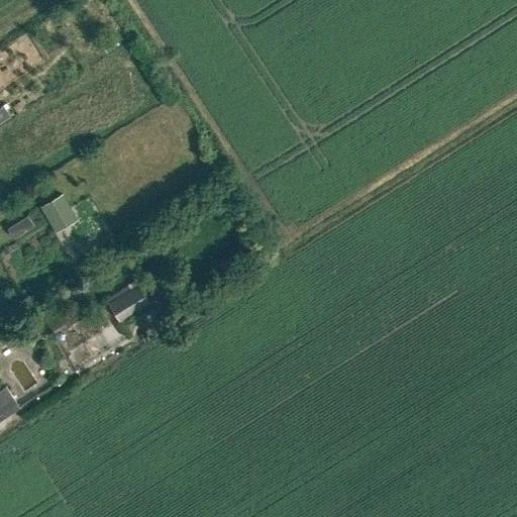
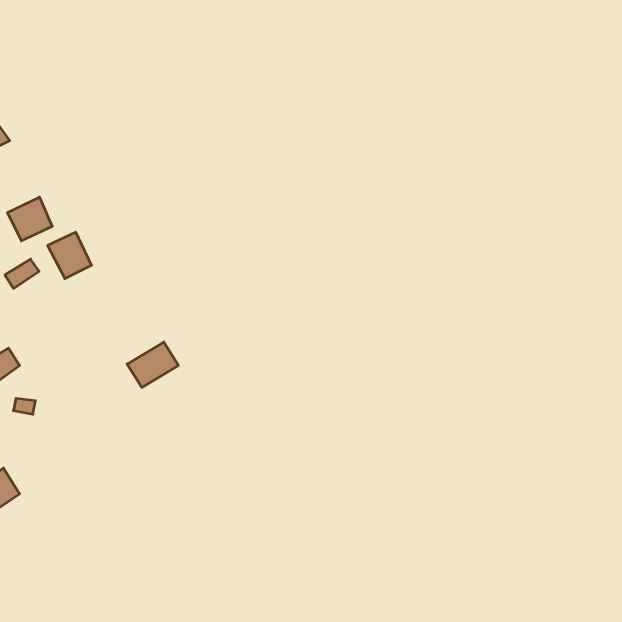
building: none -> [8,197,52,241]

